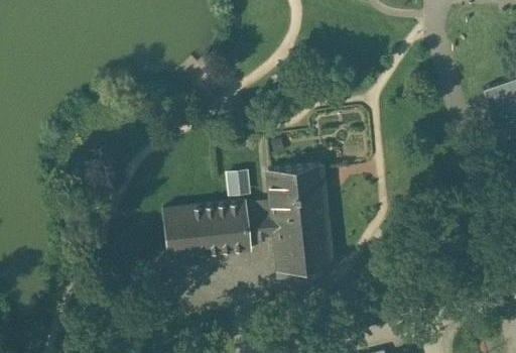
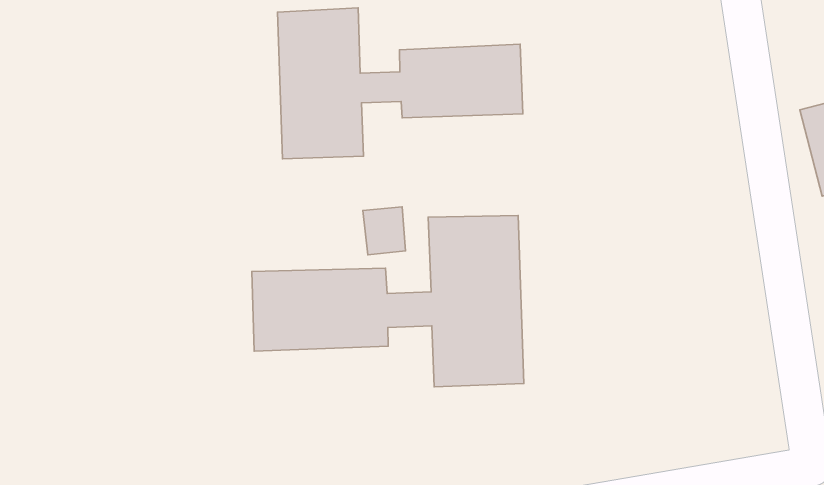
building: none -> [277,8,523,159]

